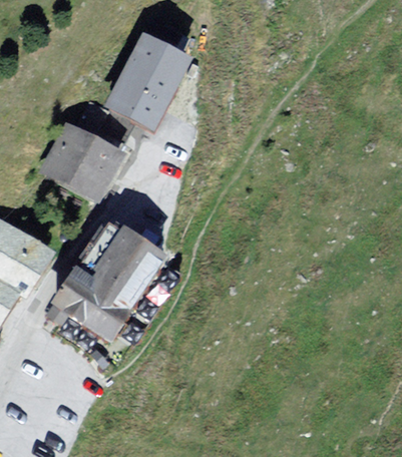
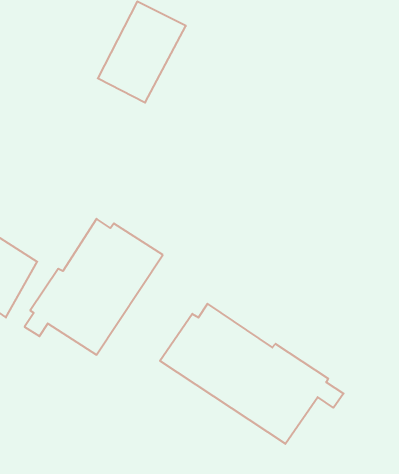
building: [45,123,120,193] -> none
building: none -> [160,304,344,444]

